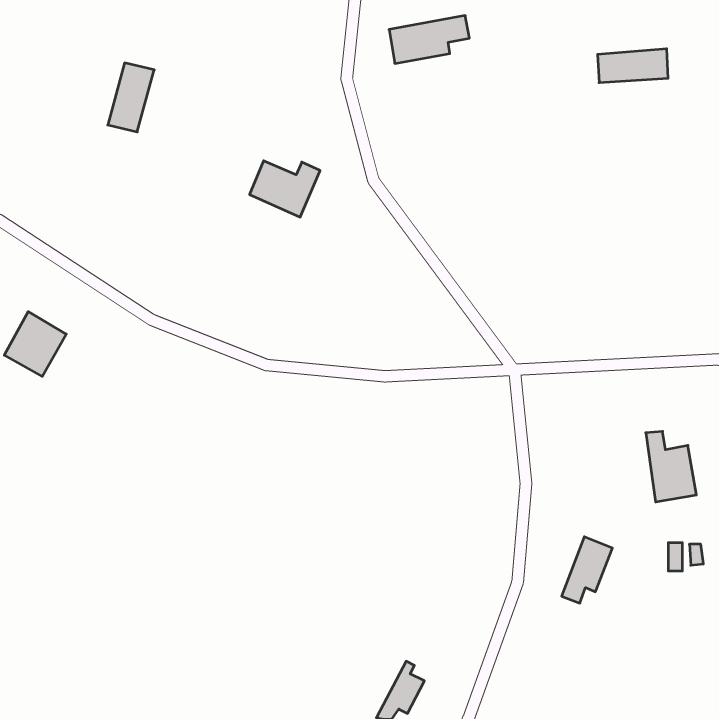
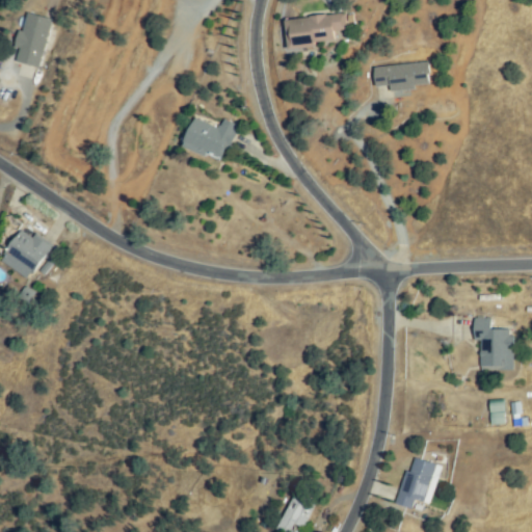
building: [598,49,668,83] -> [376,63,428,88]
building: [108,63,154,132] -> [16,14,50,64]
building: [562,537,612,603] -> [397,458,434,507]

